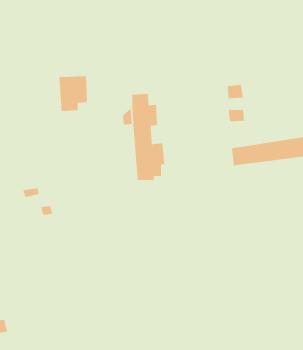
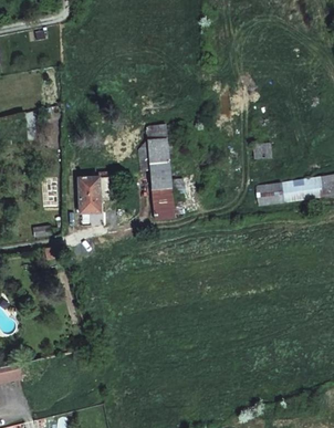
building: [59,76,88,111] -> [80,176,111,213]

